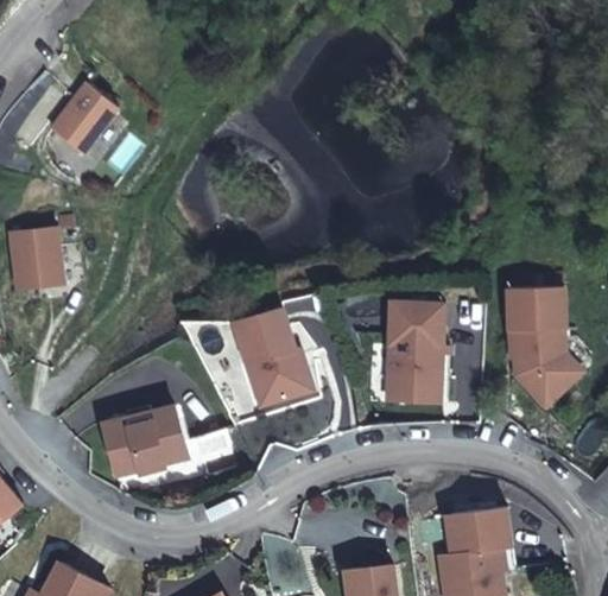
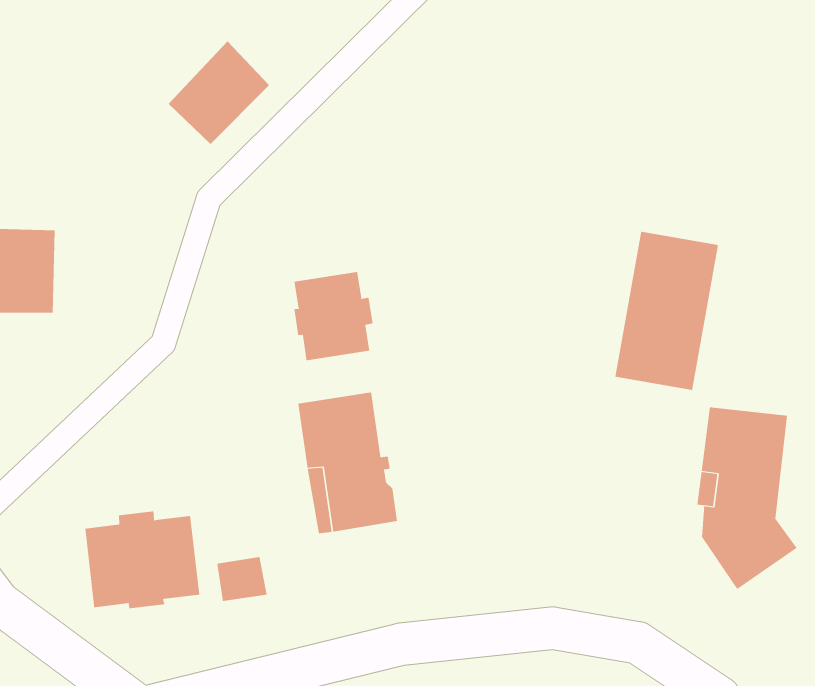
building: [48,80,114,151] -> [168,41,270,145]
building: none -> [294,271,373,361]
building: [386,302,444,404] -> [615,231,719,390]

